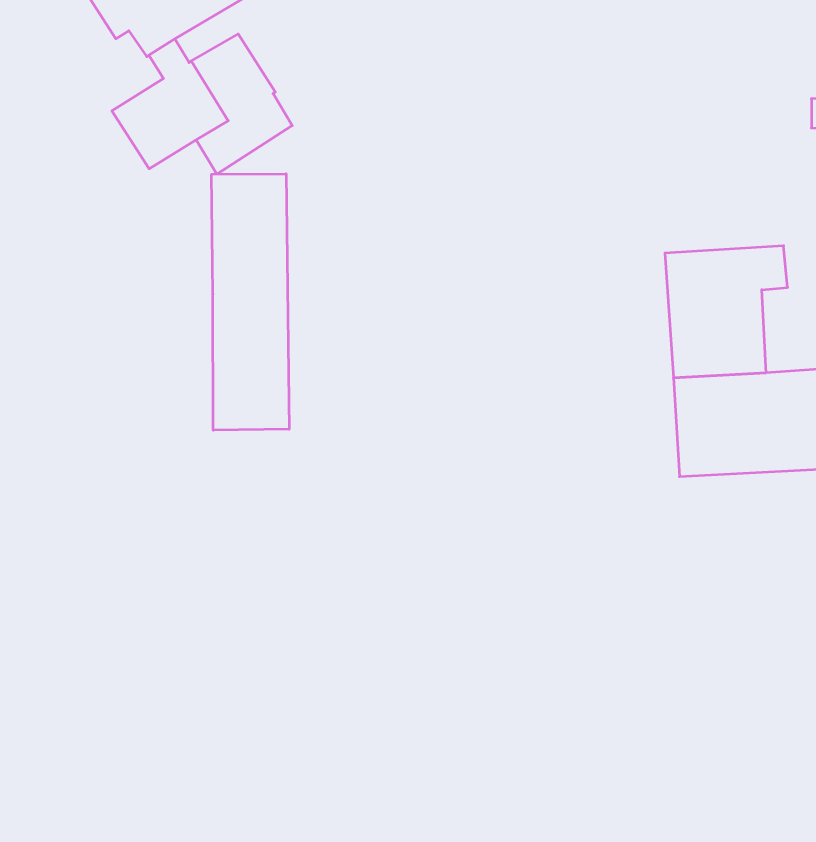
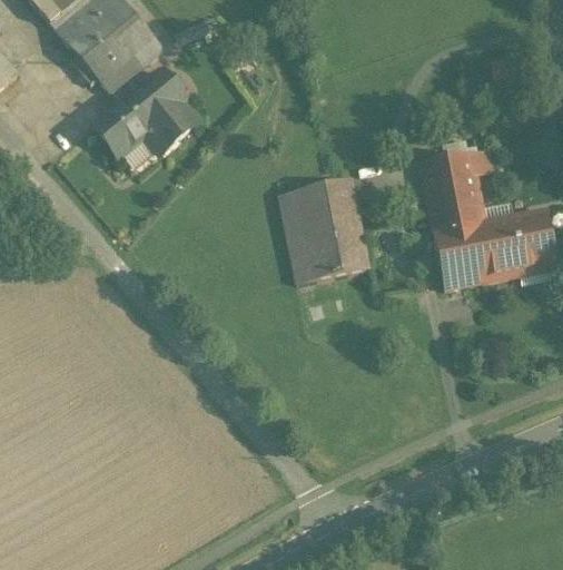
building: [212,174,289,430] -> none
building: none -> [284,184,366,283]

